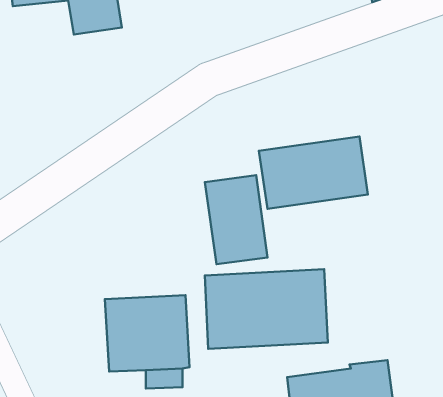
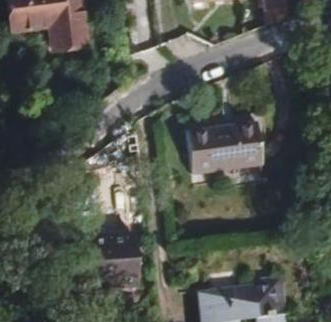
building: [205,175,268,264] -> none
building: [205,269,328,349] -> none

